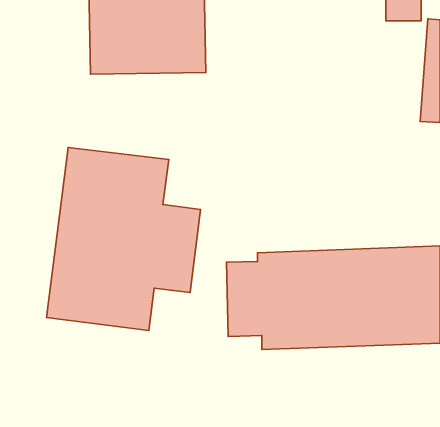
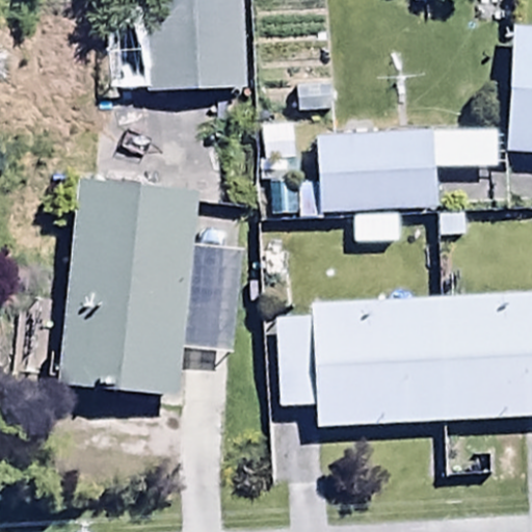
building: none -> [312,129,498,212]

